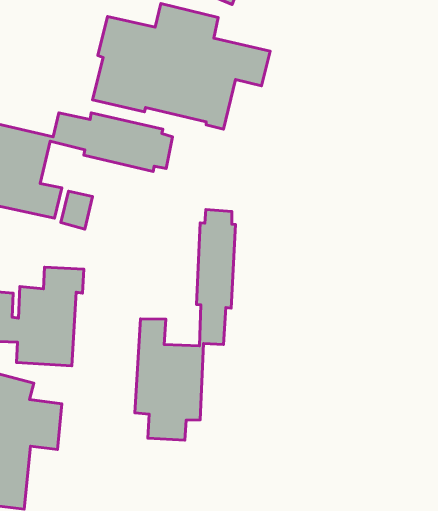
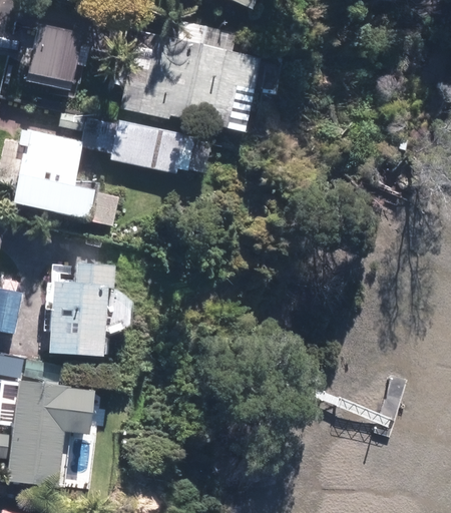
building: none -> [40,30,85,84]
building: [135,209,236,440] -> none

